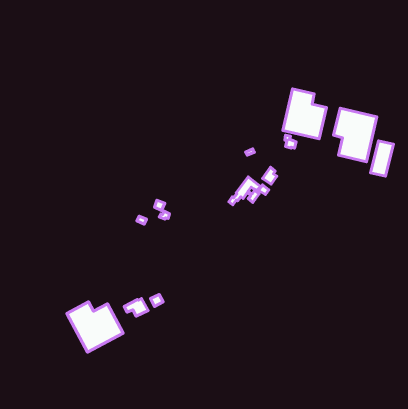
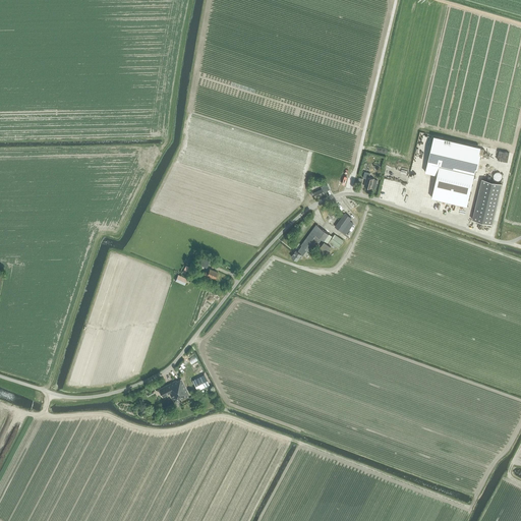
building: [283,89,326,139] -> none
building: [67,302,123,352] -> none

